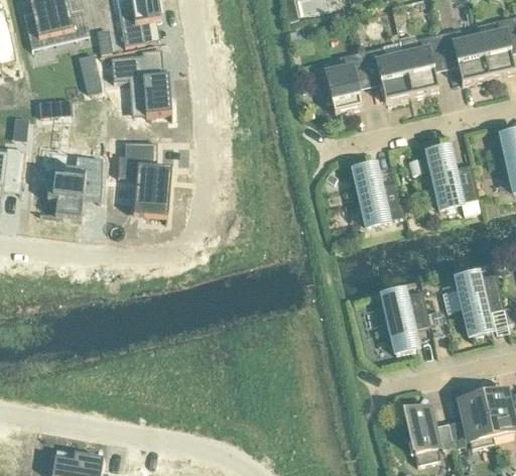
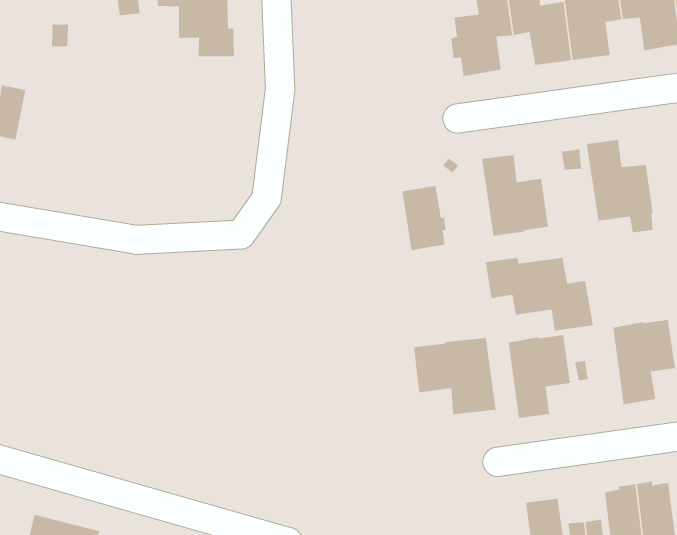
building: [117,140,170,217] -> none
building: [46,154,102,218] -> none
building: none -> [402,185,446,251]
building: none -> [485,257,593,332]
building: none -> [413,337,496,415]

